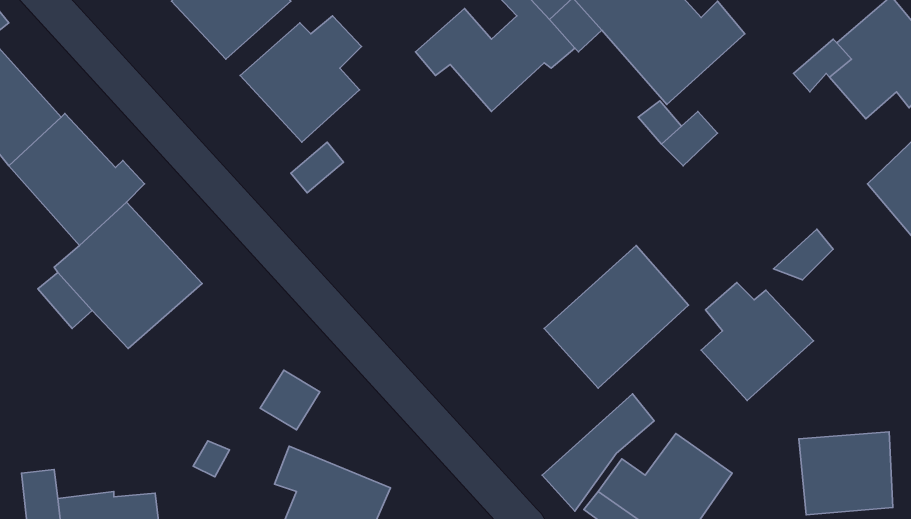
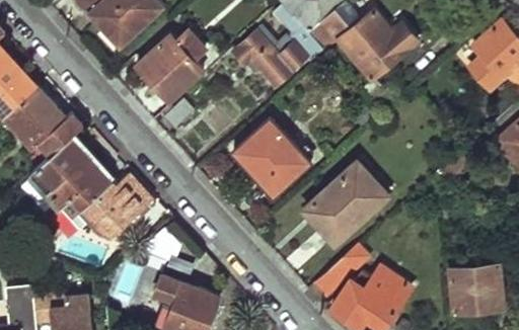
building: none -> [232,118,311,197]
building: none -> [73,175,154,240]
building: [701,282,813,401] -> none

